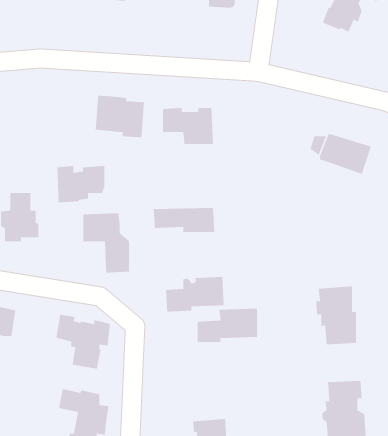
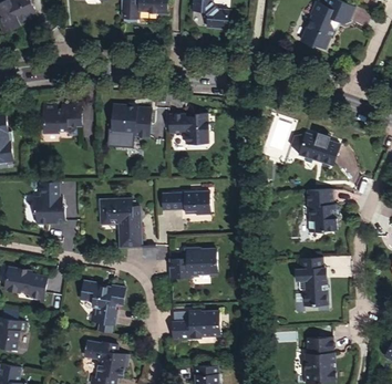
building: [57,165,105,203] -> [42,101,82,132]
building: none -> [306,189,337,232]
building: [197,308,258,343] -> [173,311,223,340]

